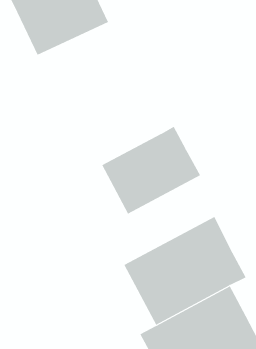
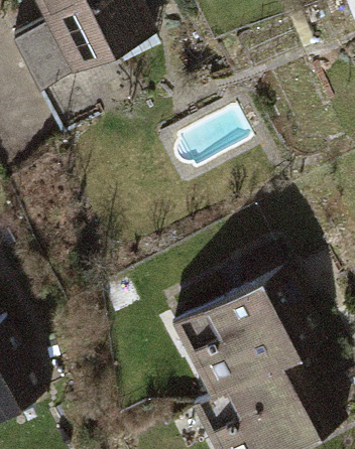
building: [102,126,201,214] -> none

